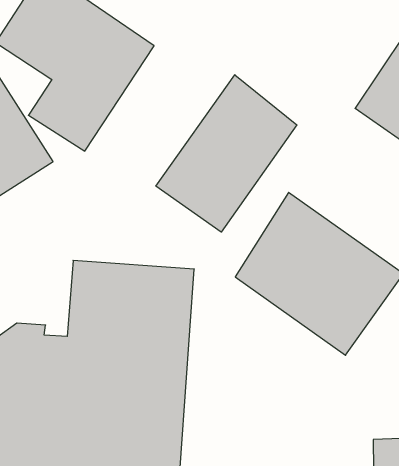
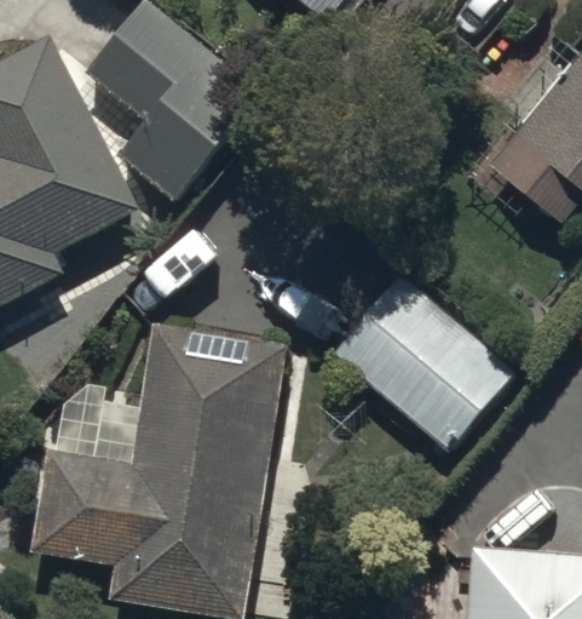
building: [156,75,297,232] -> none

